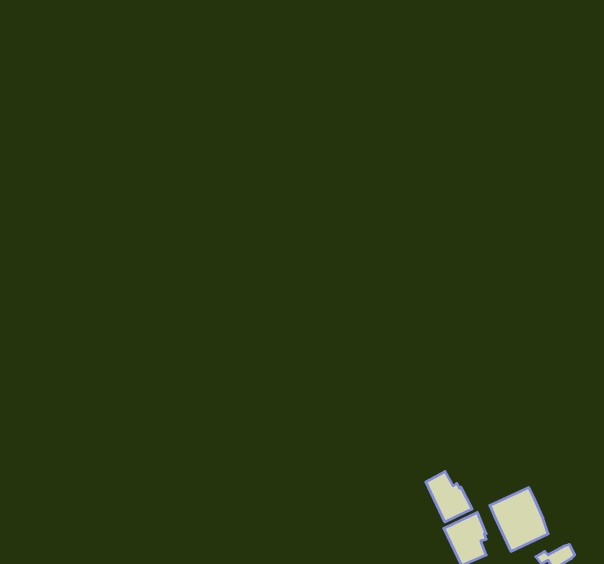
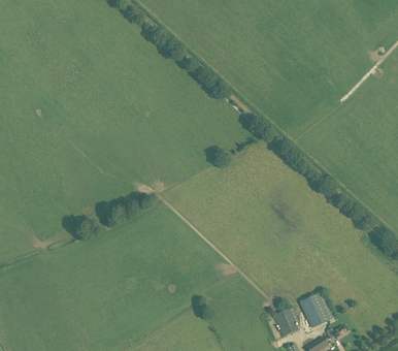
building: [426,471,472,522] -> none

